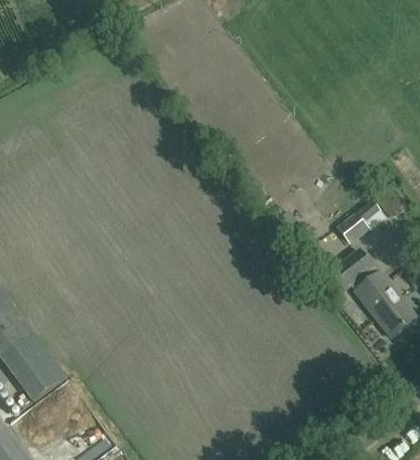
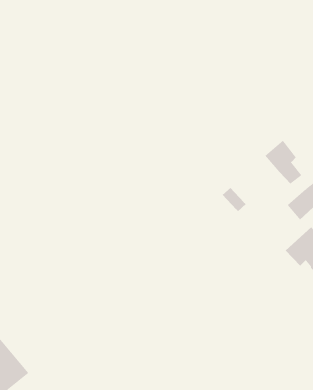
building: none -> [264,140,302,184]

